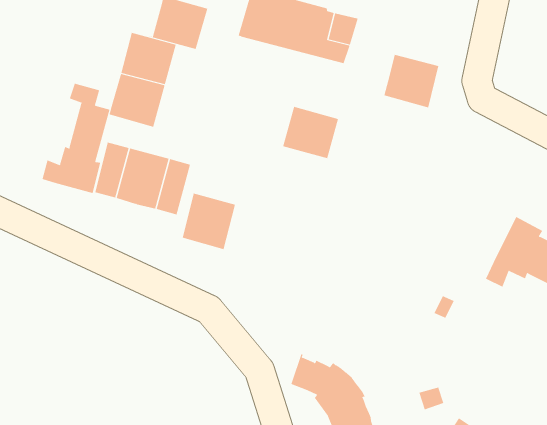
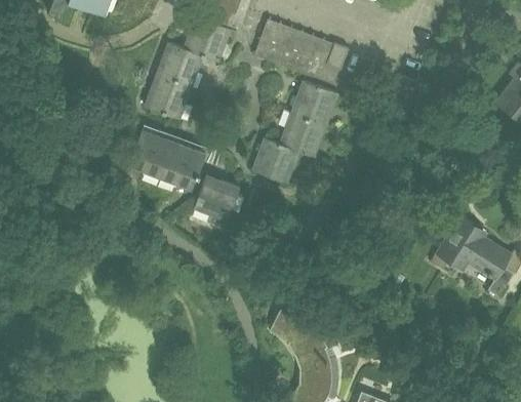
building: [384,54,439,108] -> [291,81,337,126]
building: [42,83,110,194] -> none
building: none -> [252,138,315,184]

